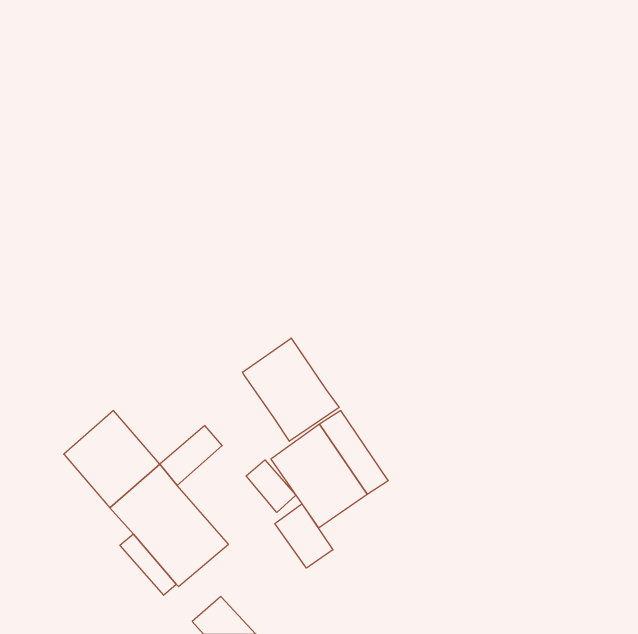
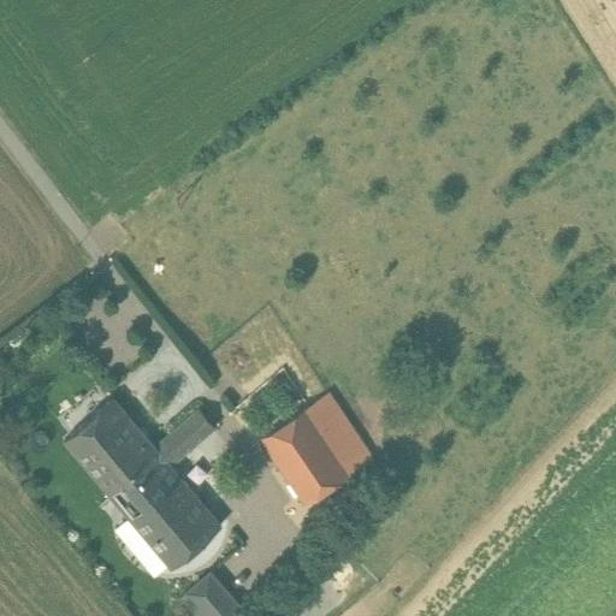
building: [242,338,339,441] -> none
building: [246,460,296,512] -> none
building: [275,504,333,568] -> none

